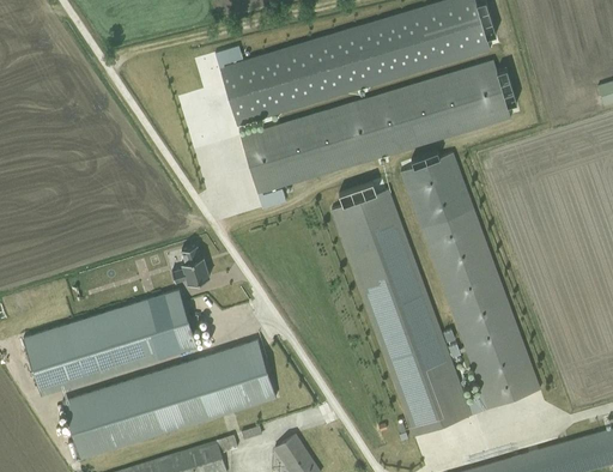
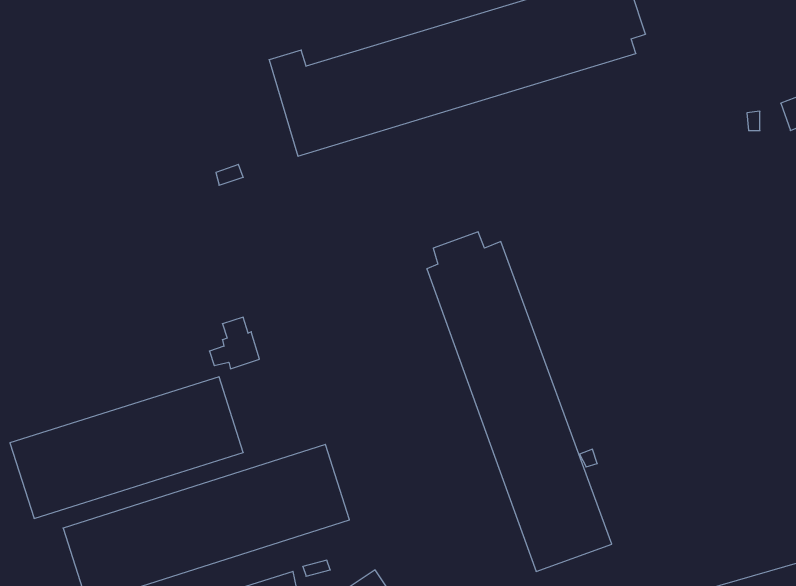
building: [239,60,509,210] -> none
building: [396,149,542,414] -> none

